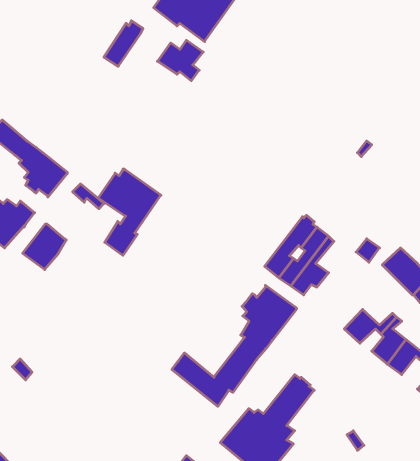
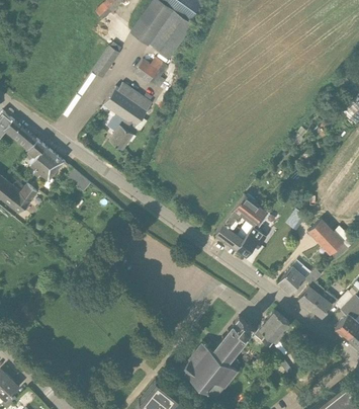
building: [98,169,161,255] -> [103,83,152,150]
building: [23,224,66,270] -> none
building: [172,285,296,406] -> none
building: none -> [254,310,289,347]

